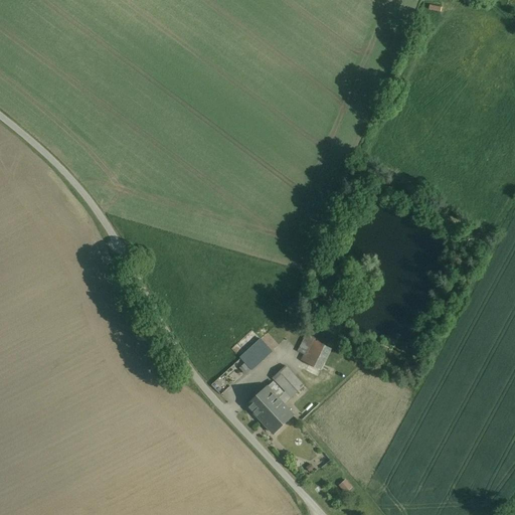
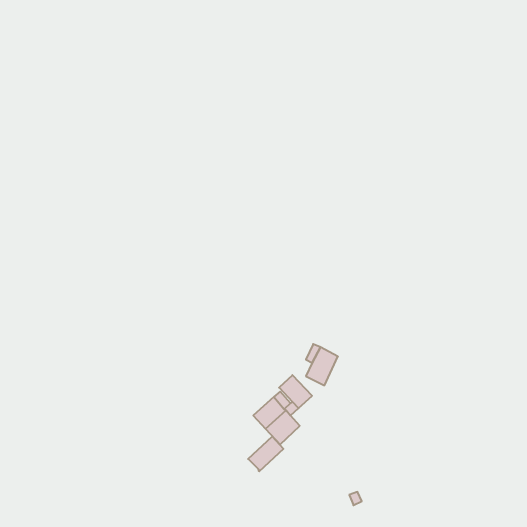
building: [239,338,271,369] -> none
building: none -> [248,436,283,471]

